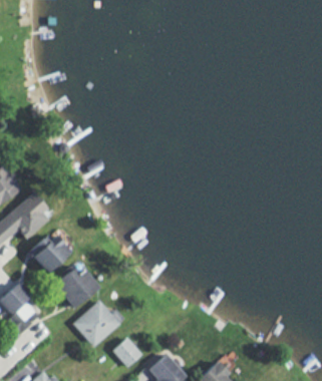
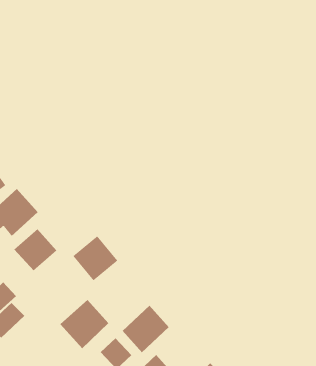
building: [54,264,98,308] -> [72,235,118,281]
building: none -> [122,305,169,353]

